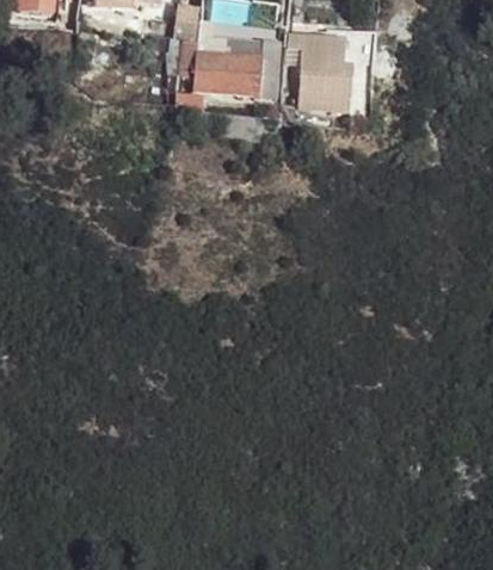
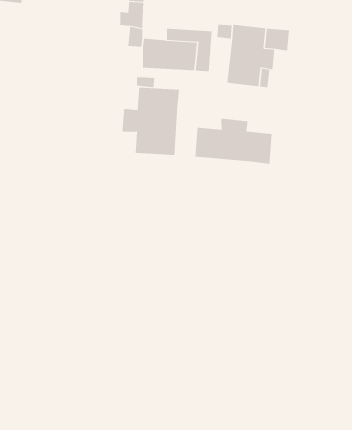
building: none -> [122,87,180,156]
building: none -> [195,118,272,165]

